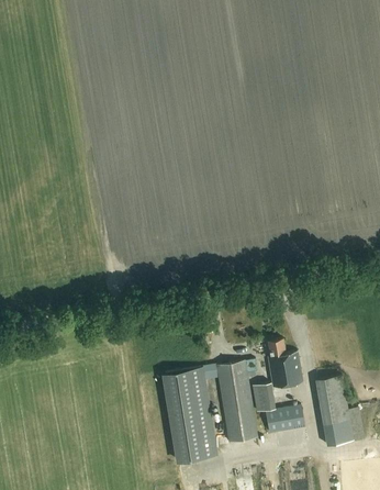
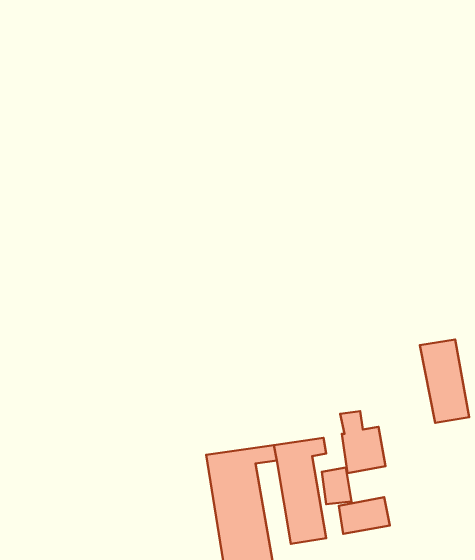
building: [314,377,353,442] -> [420,339,469,423]

